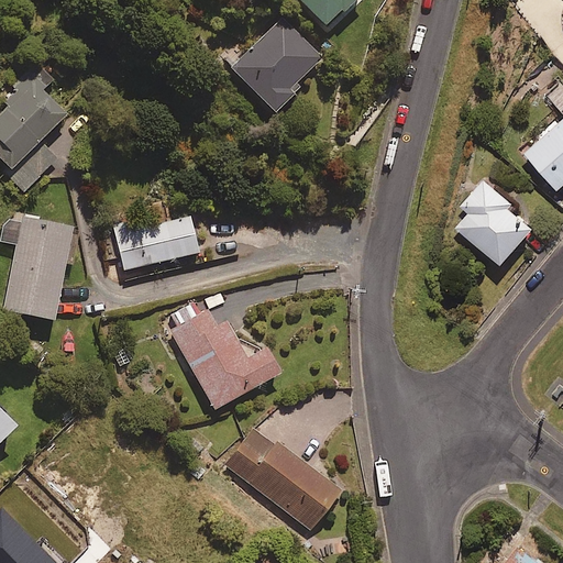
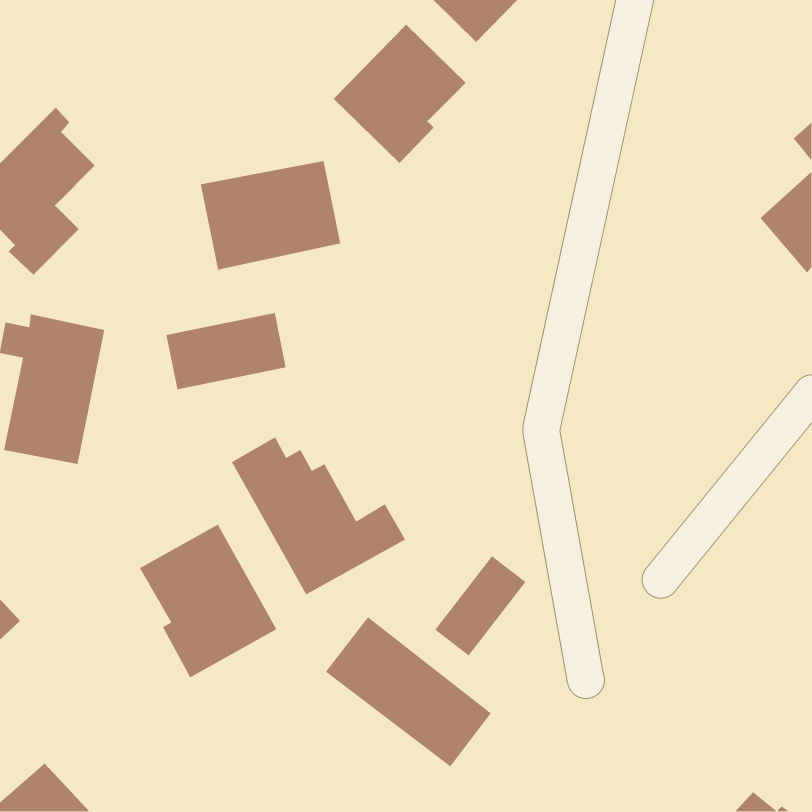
building: none -> [200,160,341,270]
building: [456,178,532,265] -> none
building: none -> [139,524,277,678]
building: none -> [434,555,527,657]

